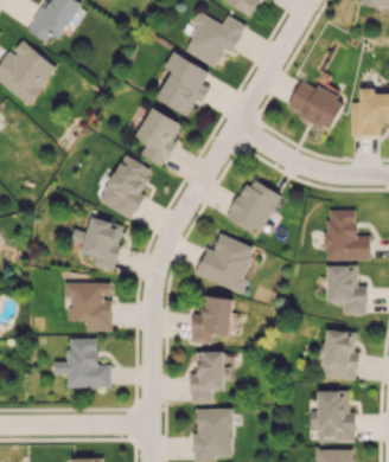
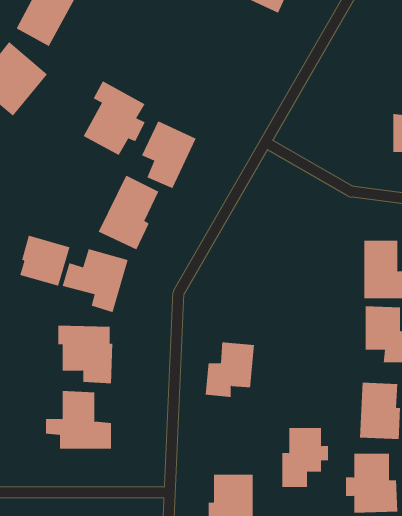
building: [184,11,245,68] -> none
building: [155,52,209,116] -> [83,81,145,156]
building: [286,79,344,130] -> none
building: [227,178,281,236] -> none
building: none -> [19,235,70,286]
building: [196,235,256,291] -> none
building: [190,352,230,403] -> [281,428,329,487]

